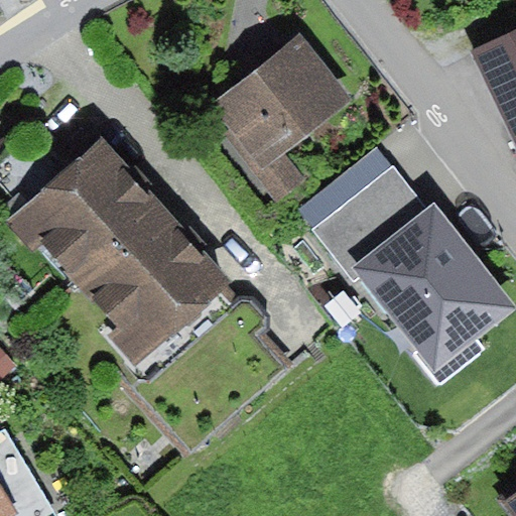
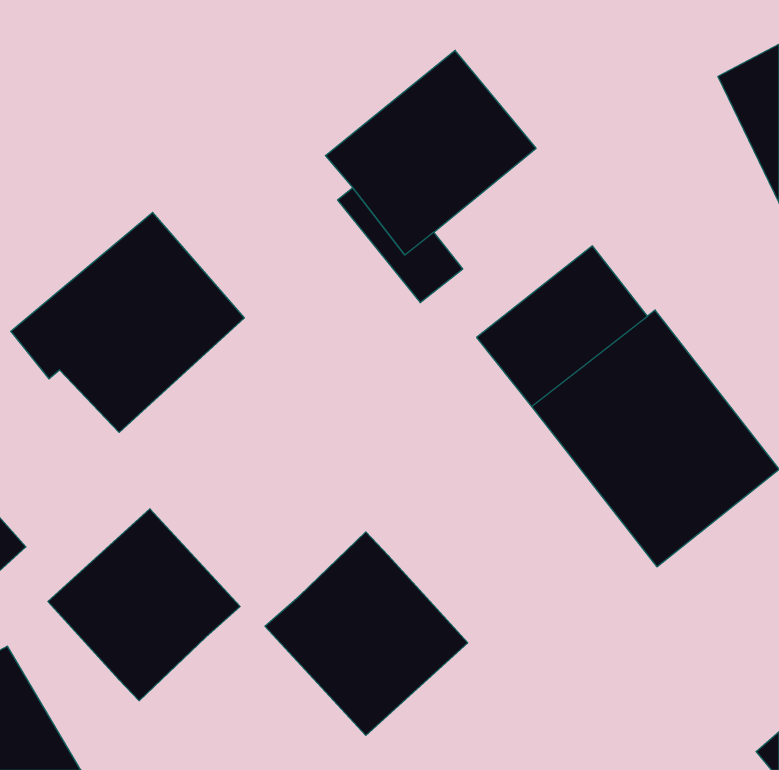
building: [79,210,233,372] -> none
building: none -> [48,509,240,701]
building: none -> [265,532,468,735]

